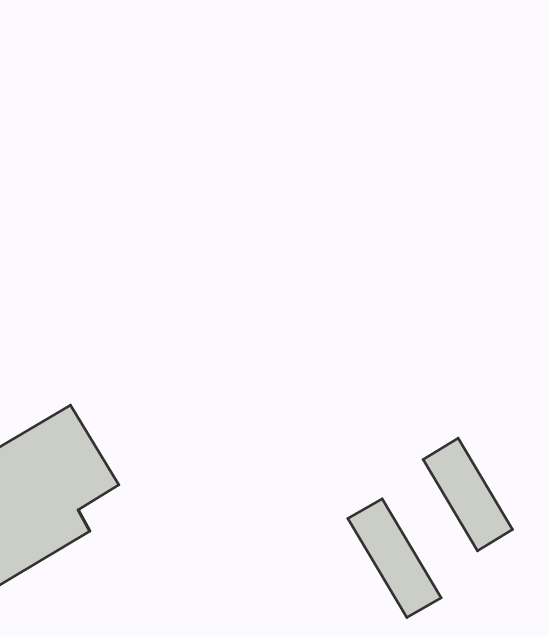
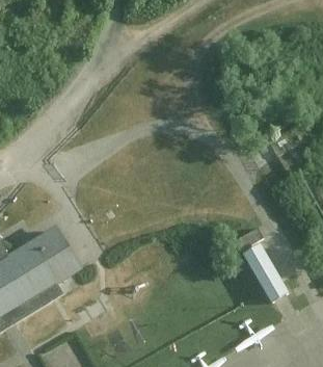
building: [348,499,441,618] -> none

